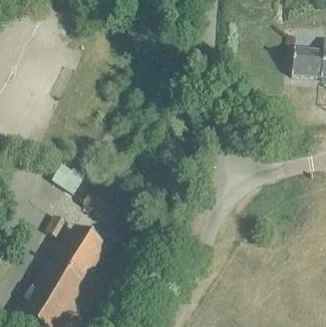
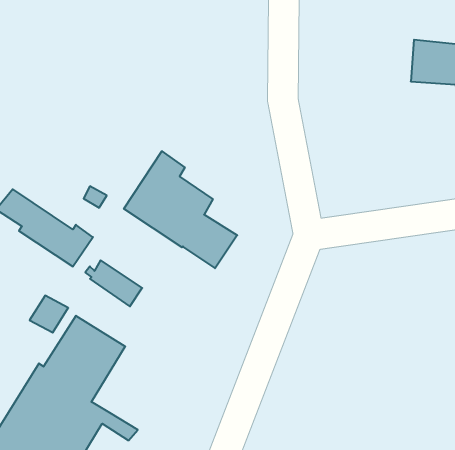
building: none -> [124,151,237,268]

